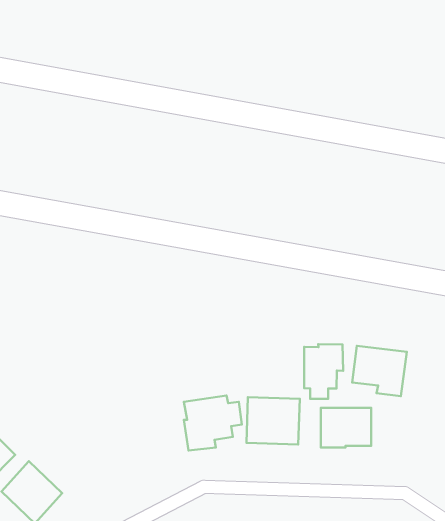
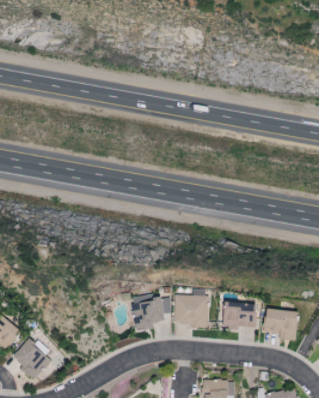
building: [304,344,343,399] -> none
building: [352,346,407,396] -> [263,308,299,341]

